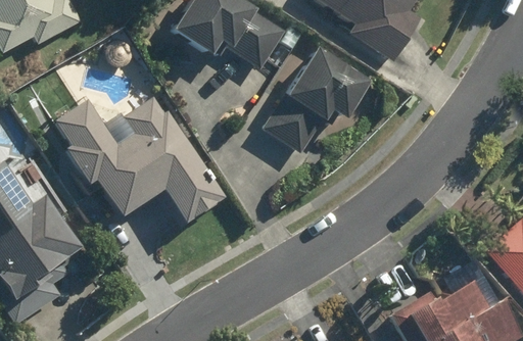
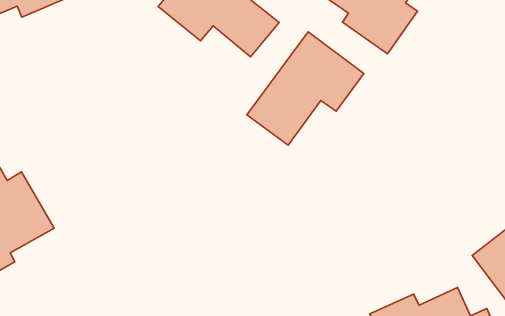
building: [56,100,226,226] -> none

